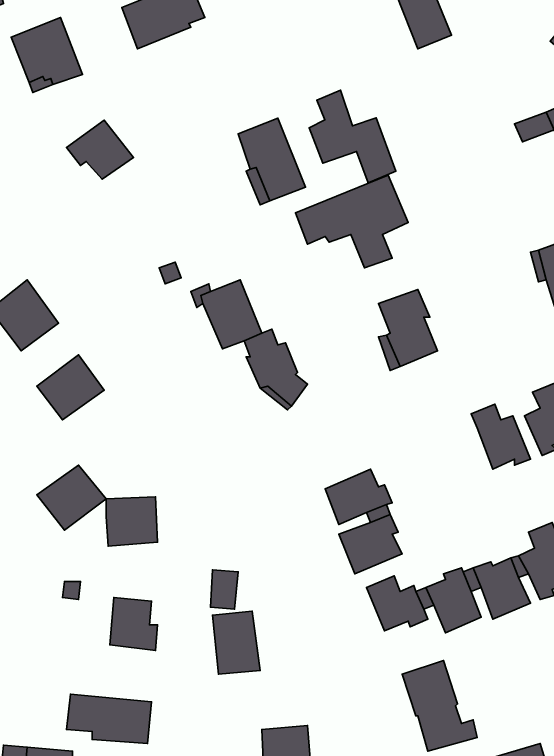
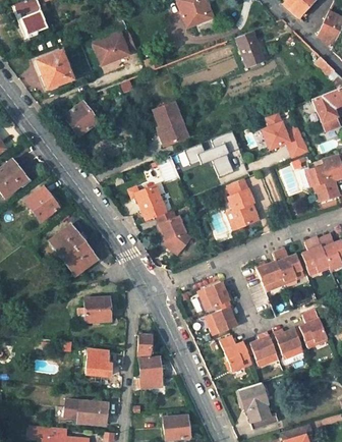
building: [309,90,396,183] -> [261,111,305,159]
building: none -> [255,261,285,292]
building: [37,465,106,530] -> [62,241,98,275]

